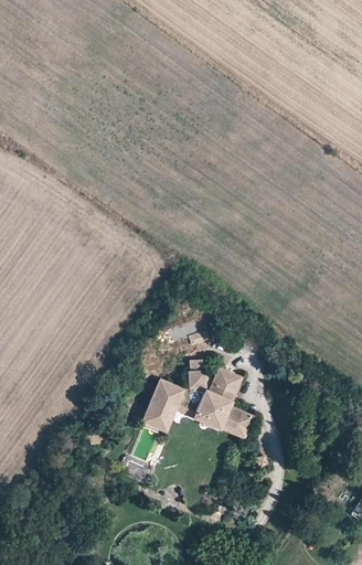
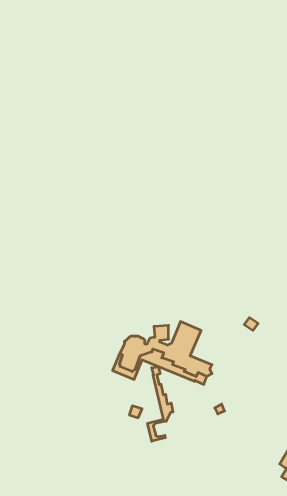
building: none -> [148,366,173,441]

